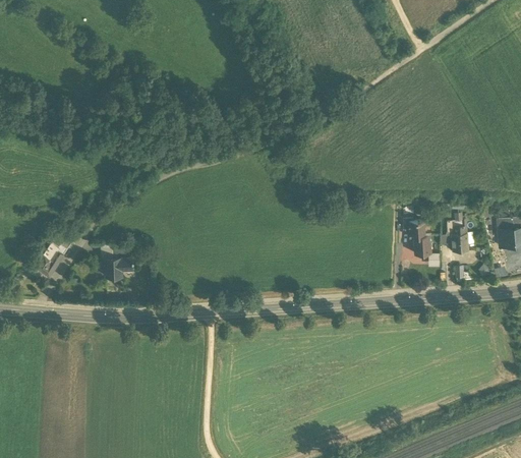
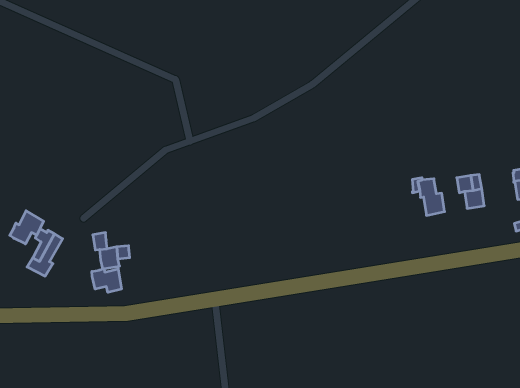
building: none -> [10,211,44,244]
building: none -> [92,269,121,292]

